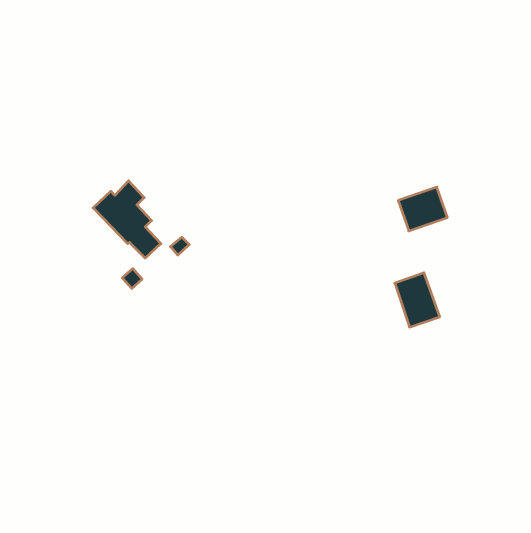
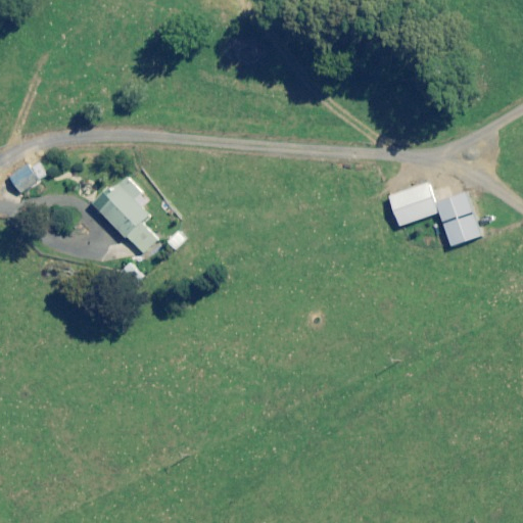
building: none -> [9,164,38,192]
building: [395,273,440,327] -> [436,193,480,246]

